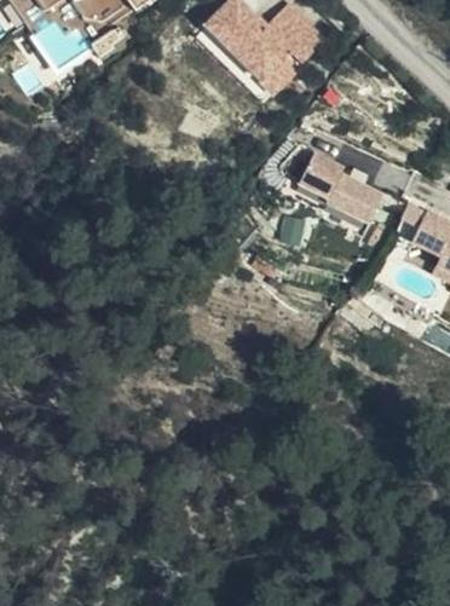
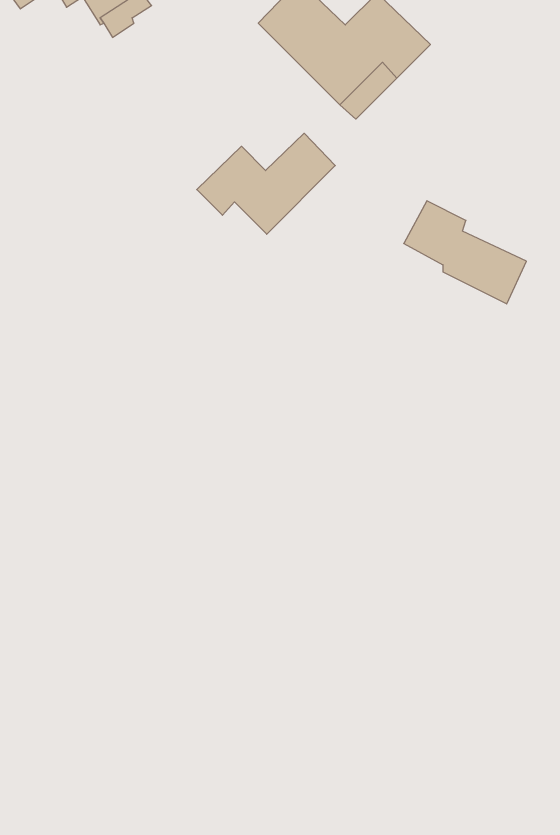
building: none -> [197,133,335,234]

